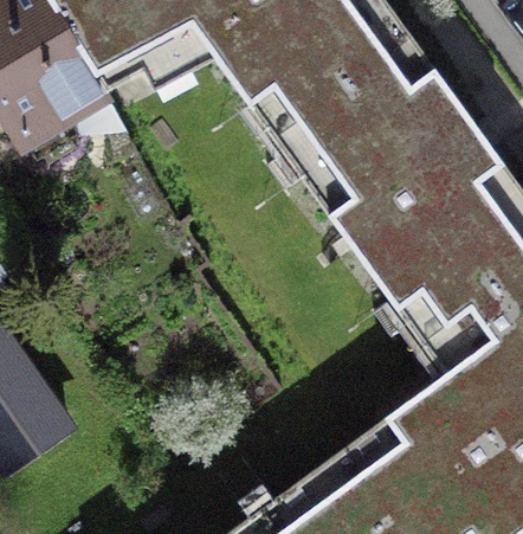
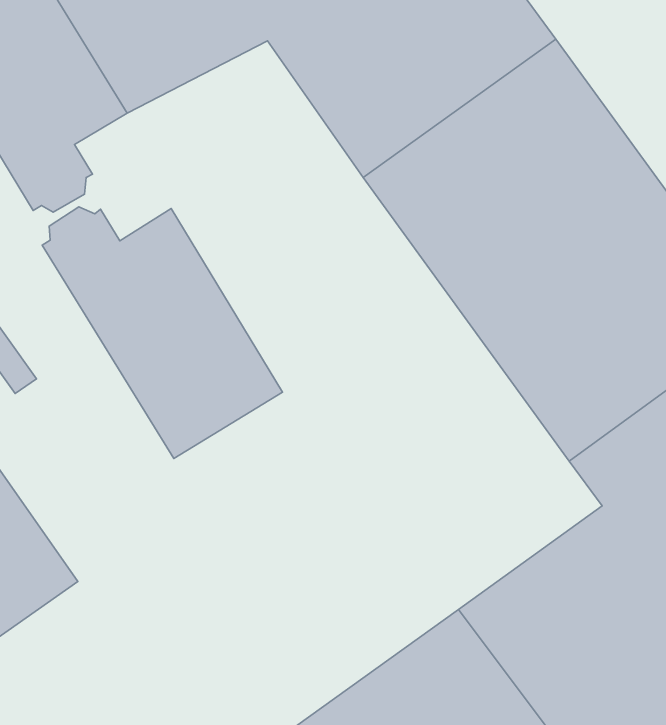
building: none -> [42,207,283,459]

